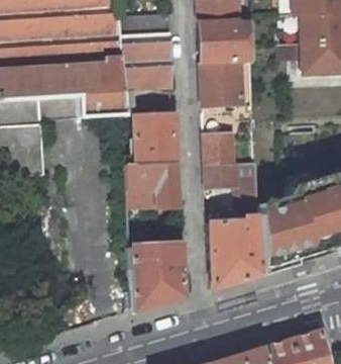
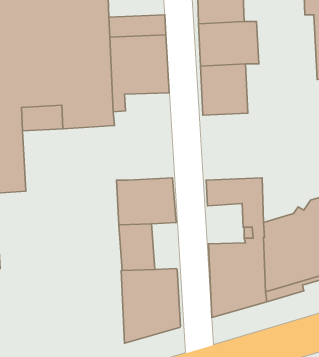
building: [134,114,177,165] -> none
building: [205,133,235,165] -> none

